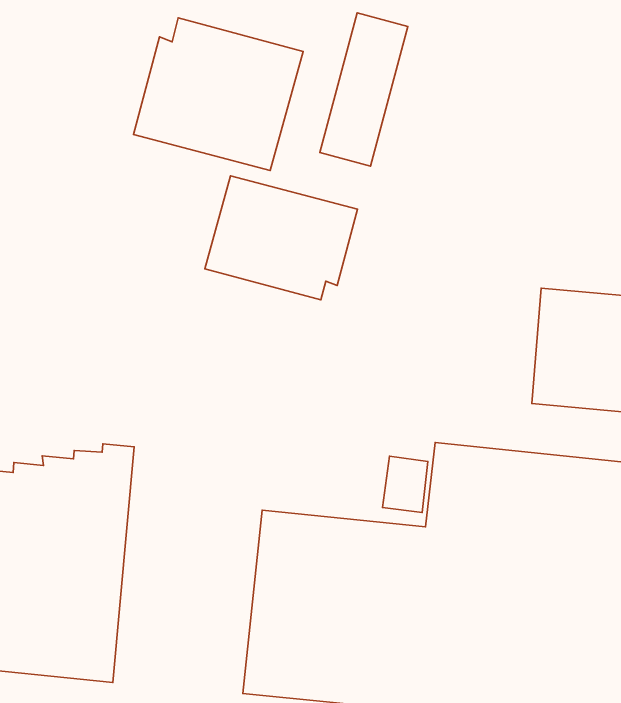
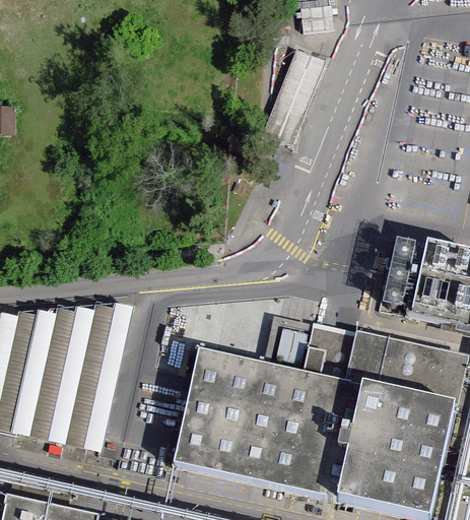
building: [134,18,303,170] -> none
building: [205,176,358,300] -> none

